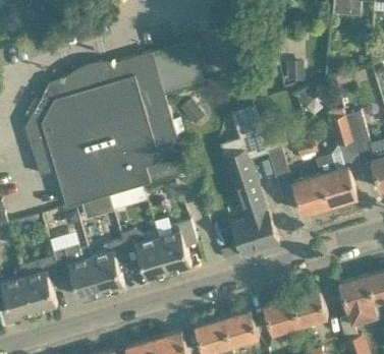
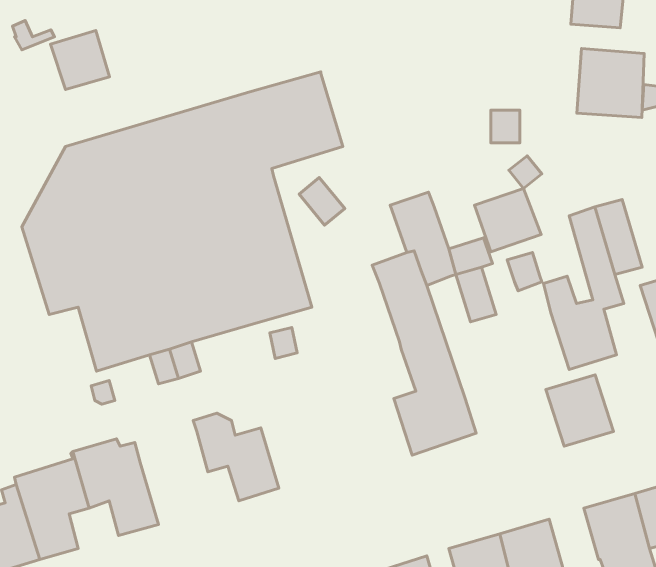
building: none -> [50,31,110,89]
building: none -> [577,49,644,118]
building: none -> [475,189,541,252]
building: [292,175,330,215] -> [546,375,613,446]
building: [158,220,197,273] -> none
building: [91,241,128,293] -> none

